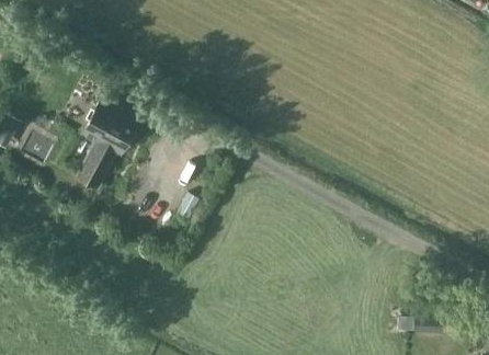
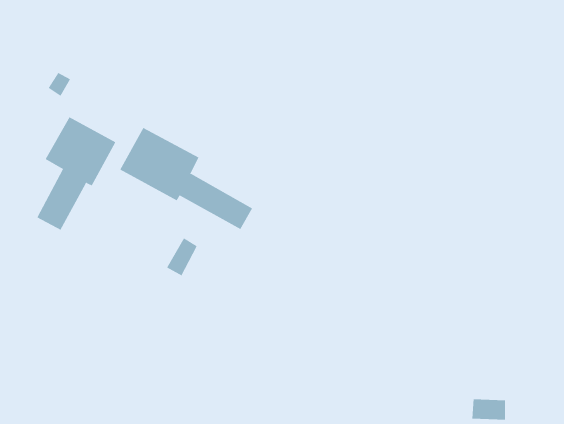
building: none -> [120,127,253,230]

